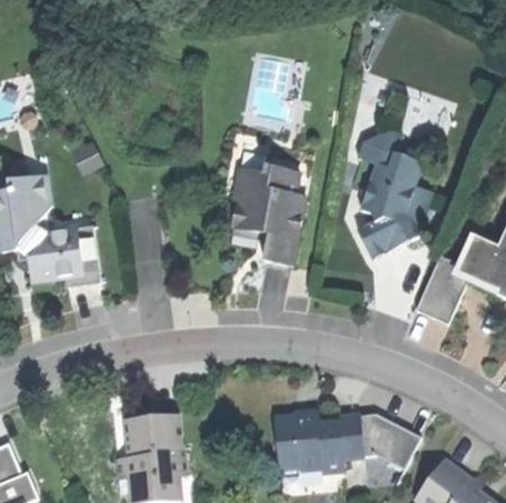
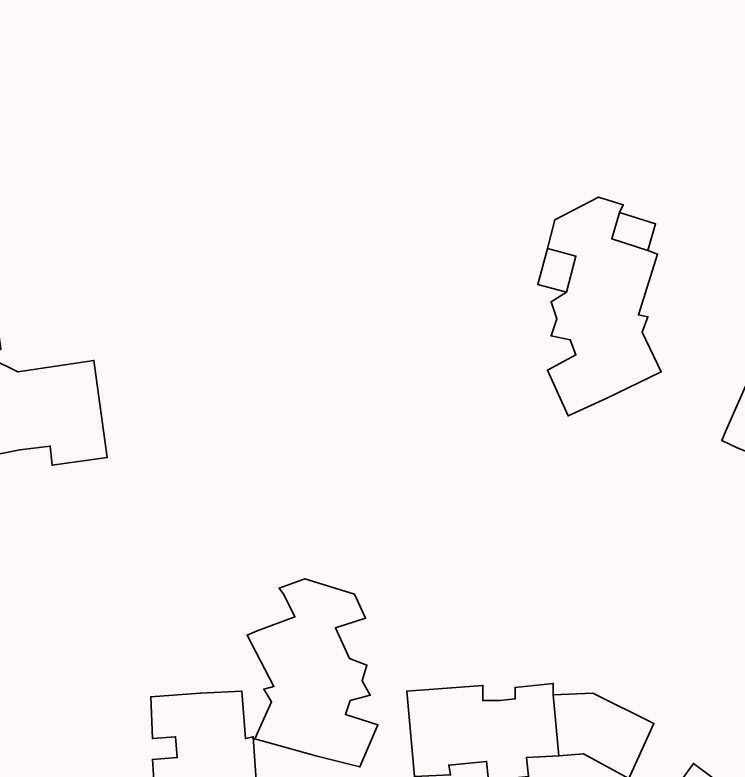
building: [220,165,306,265] -> none
building: [416,256,469,324] -> none
building: none -> [247,579,378,767]

